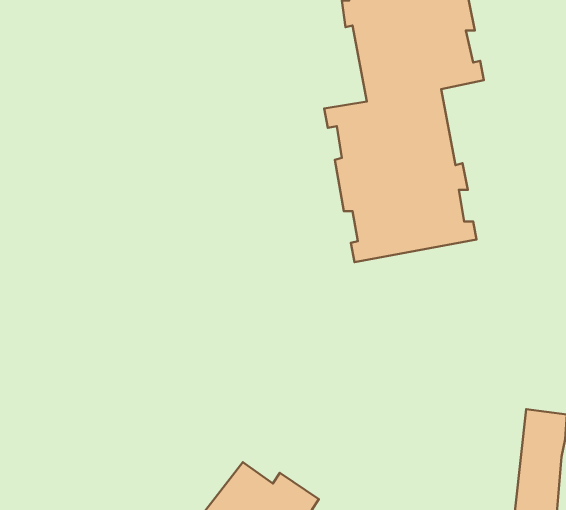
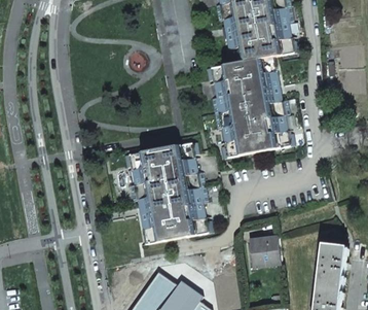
building: none -> [123,142,212,244]
building: none -> [249,236,281,267]

